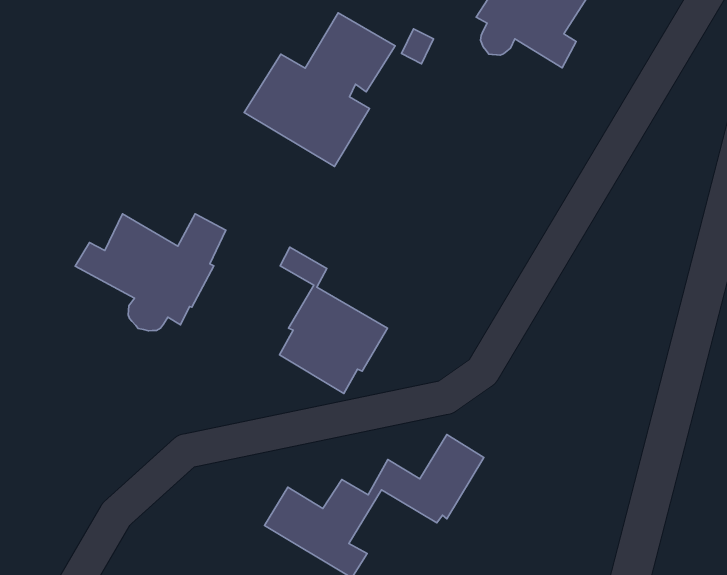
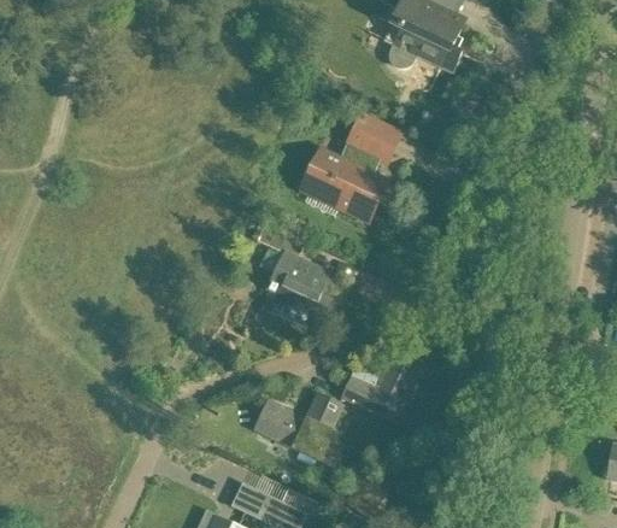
building: [244,13,395,167] -> [296,110,404,224]
building: [75,214,226,331] -> none

